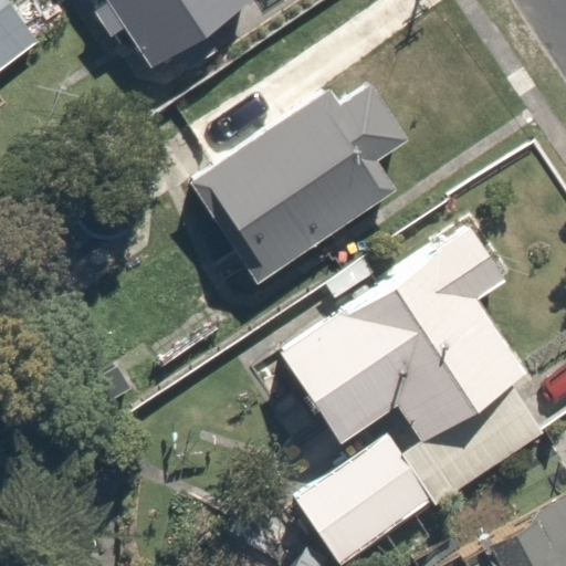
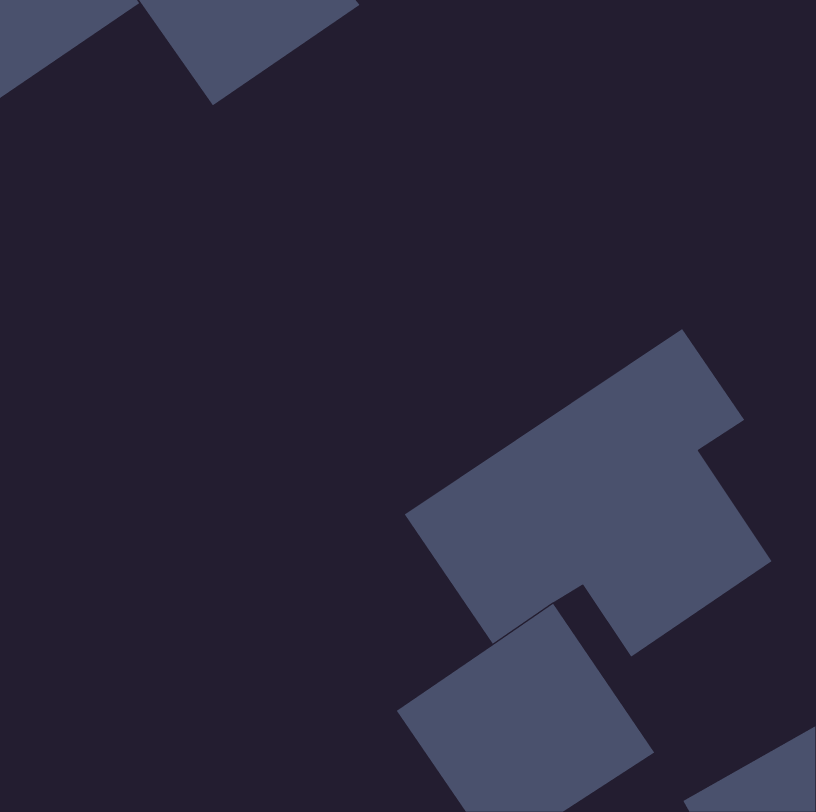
building: [186,73,408,283] -> none

